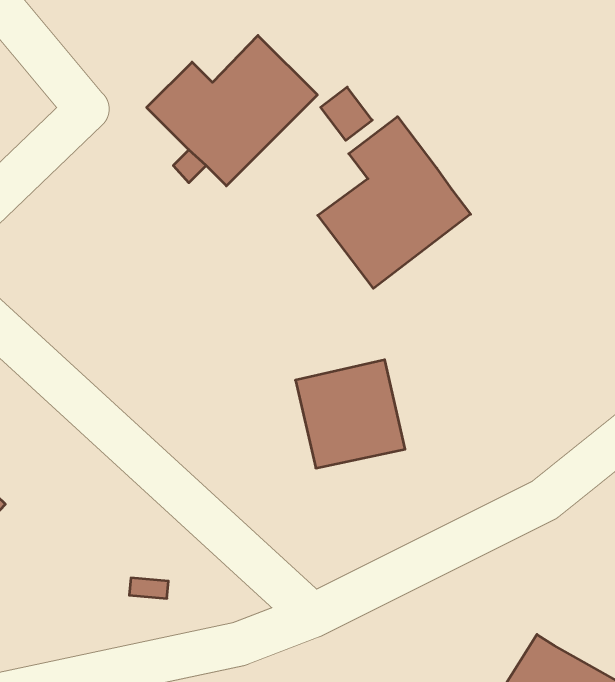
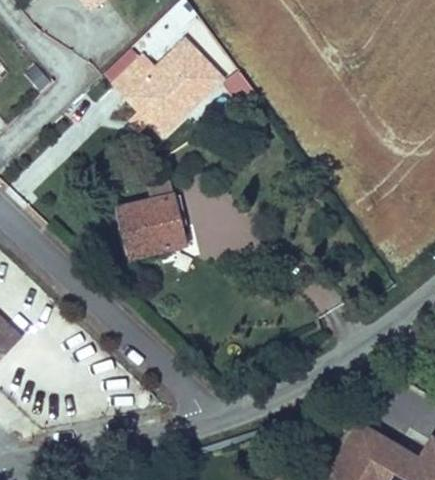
building: [318,117,471,288] -> none
building: [295,360,405,468] -> [117,191,187,260]

